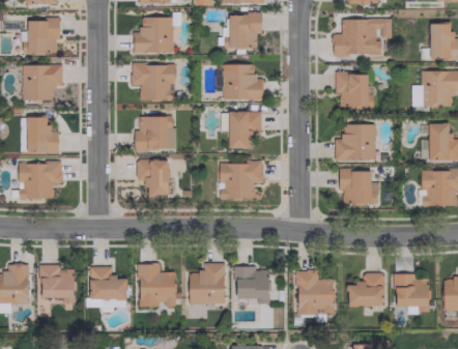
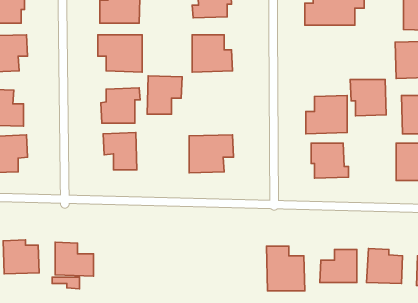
building: [335,72,370,108] -> [350,80,386,116]
building: [228,111,262,148] -> [147,76,182,114]
building: [139,264,175,307] -> none
building: [190,264,225,303] -> none
building: [235,266,269,300] -> none

